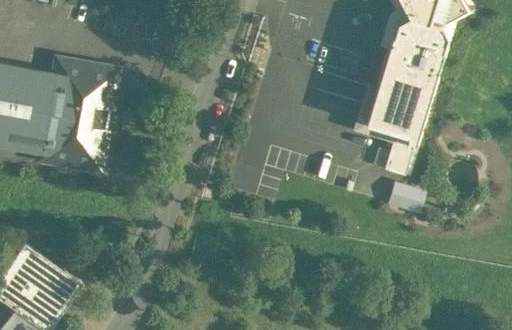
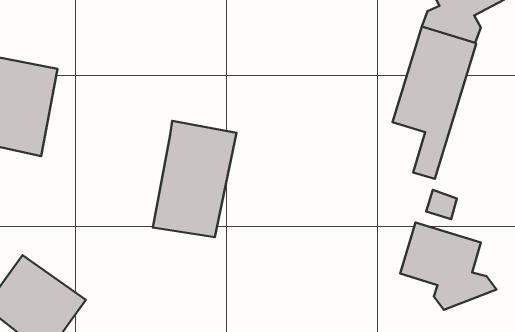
building: [38,60,115,167] -> [153,121,236,237]
building: none -> [400,223,497,310]

